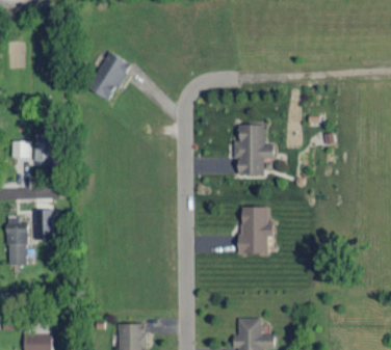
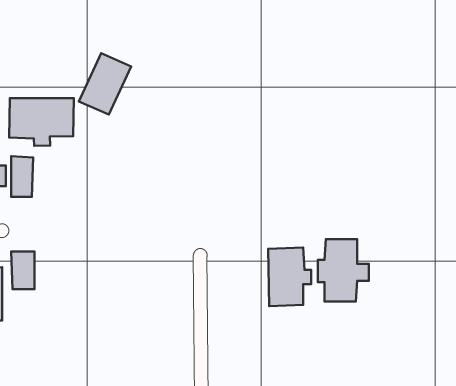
building: none -> [9,98,74,146]
building: [233,125,273,174] -> [318,239,369,302]

